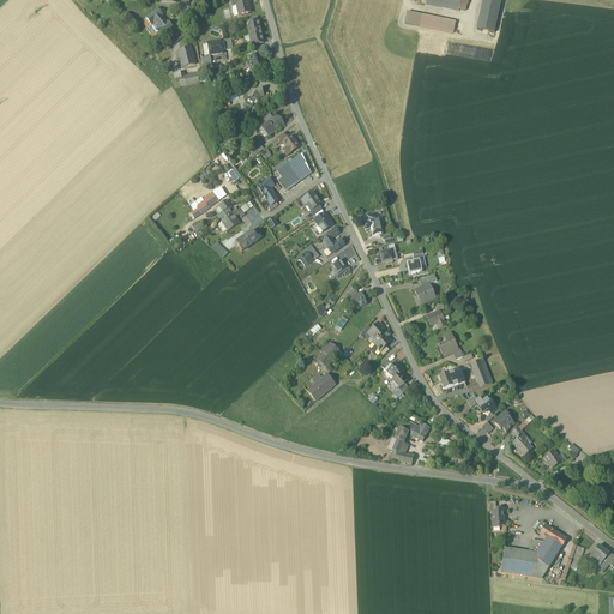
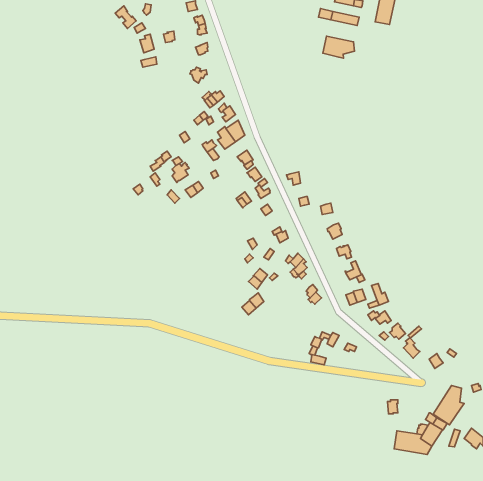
building: none -> [323,36,354,58]
building: none -> [433,386,464,425]

